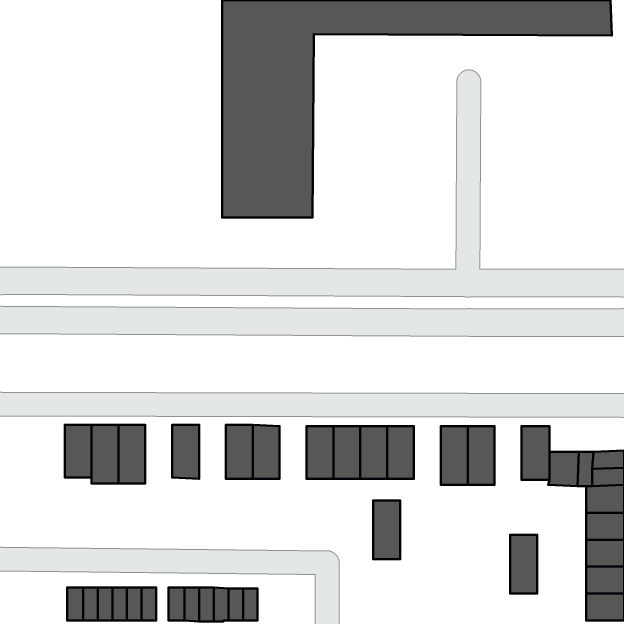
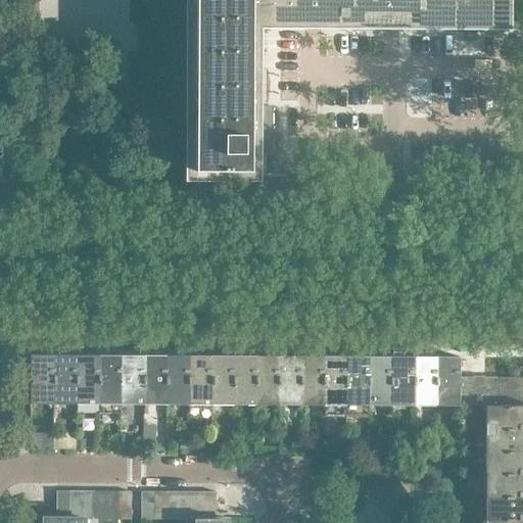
building: none -> [31,355,54,405]
building: none -> [122,355,144,399]
building: none -> [167,355,189,400]
building: none -> [234,356,256,400]
building: [373,501,400,559] -> [346,356,369,406]
building: [510,535,537,593] -> [414,356,436,406]

